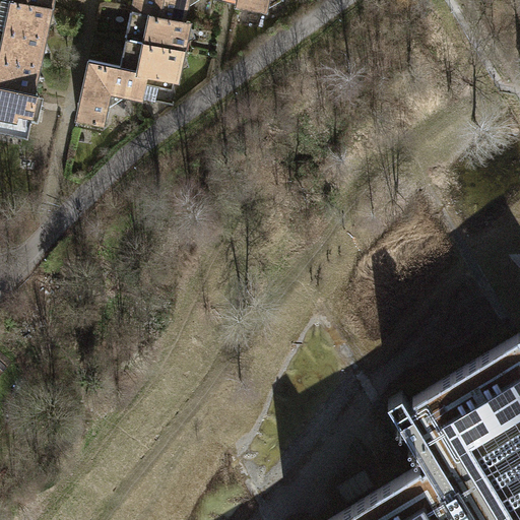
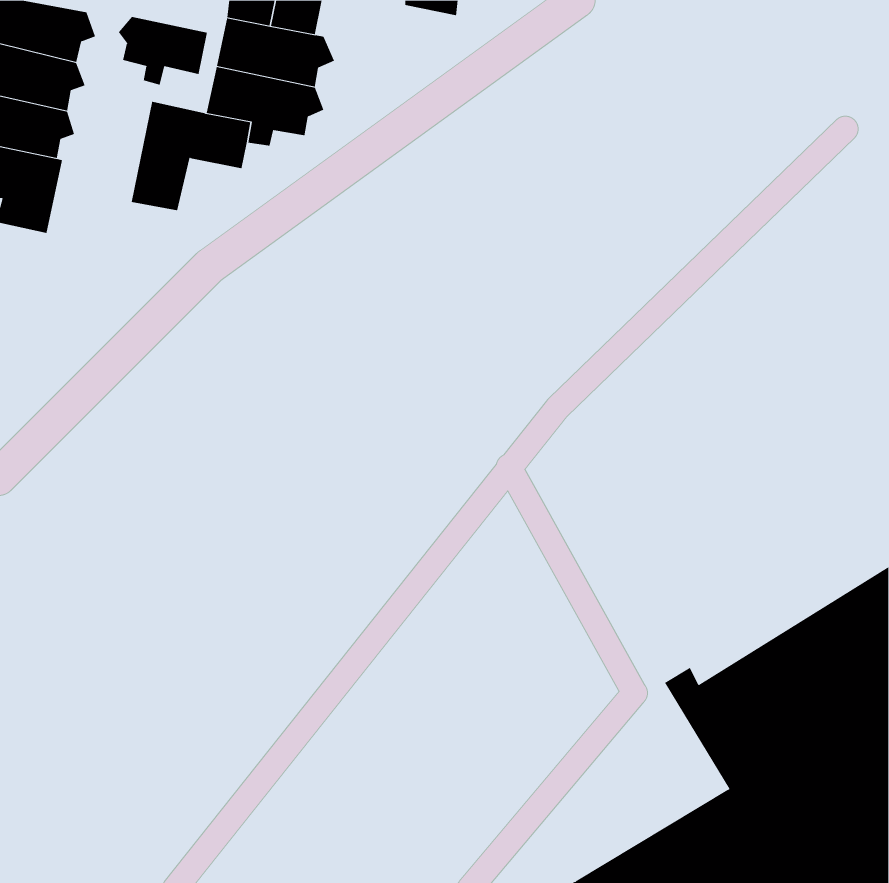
building: none -> [118,16,207,86]

